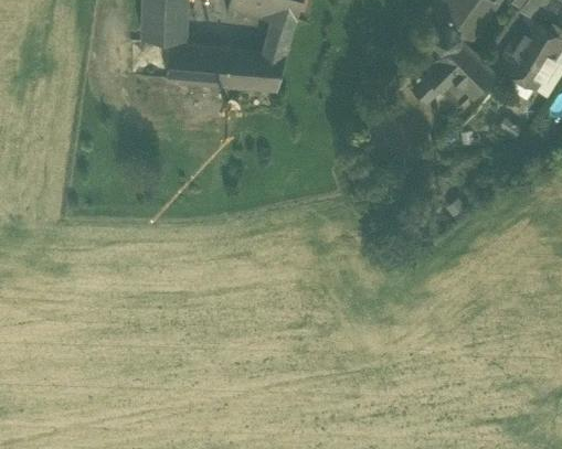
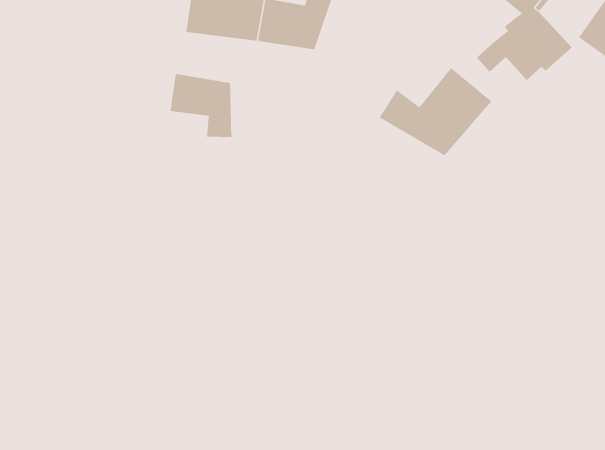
building: none -> [379,67,492,156]
building: none -> [170,73,232,138]

